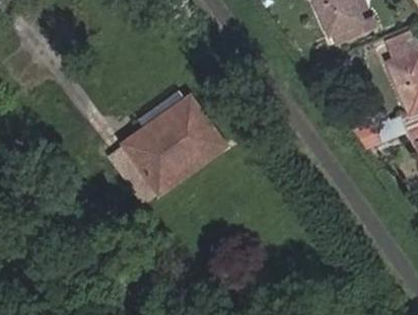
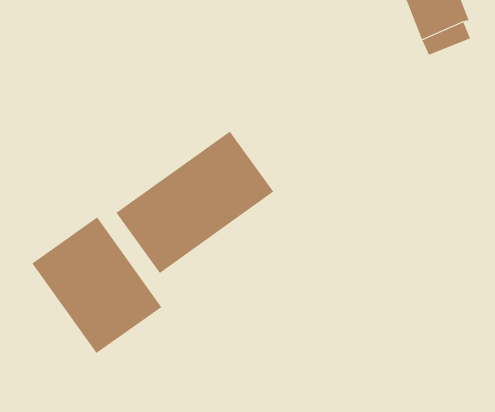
building: none -> [32,216,162,354]

